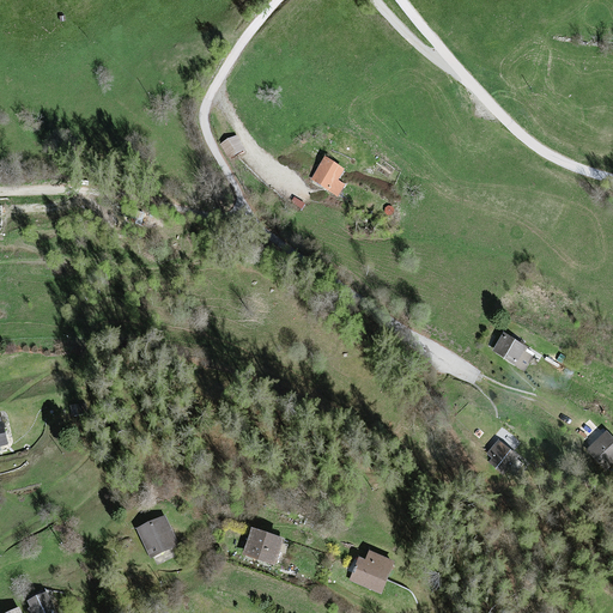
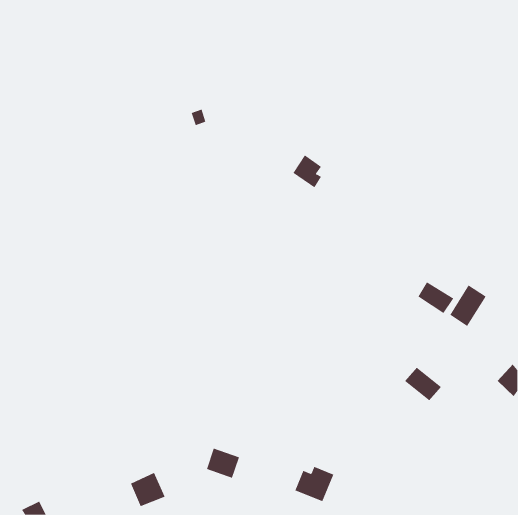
building: [310,156,345,195] -> [292,155,322,188]
building: none -> [449,284,487,327]
building: [136,515,178,556] -> [130,472,166,507]

